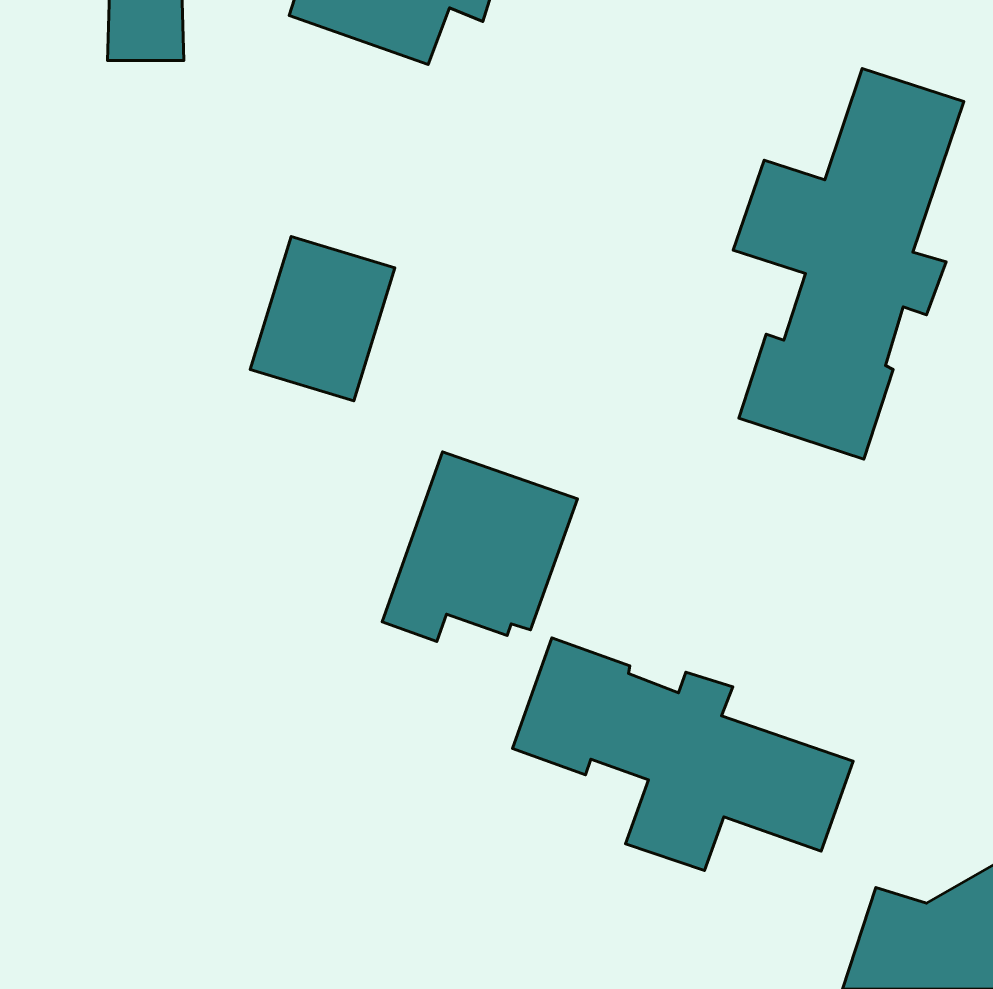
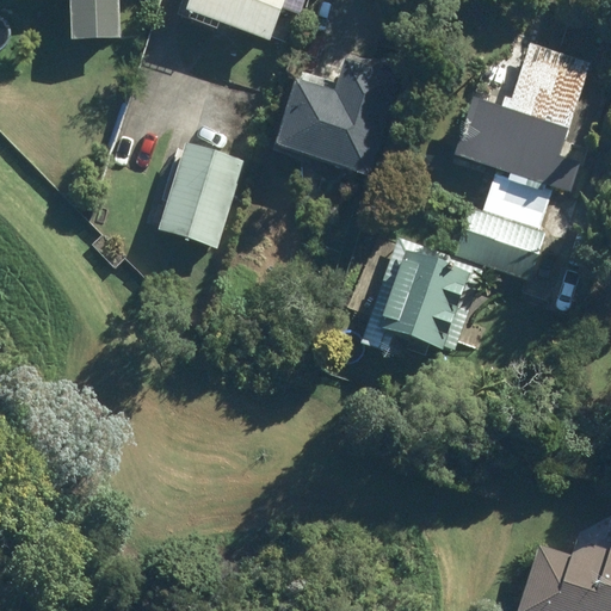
building: none -> [270,66,387,175]
building: [382,452,577,642] -> [363,240,482,356]
building: [512,638,853,870] -> none

